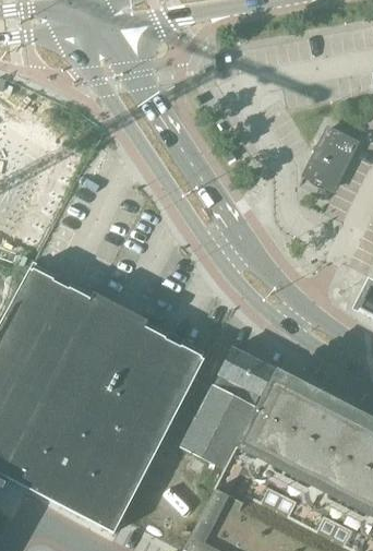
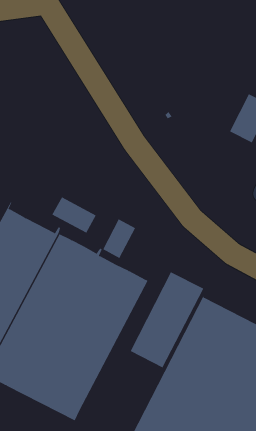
building: none -> [52,196,97,233]
building: none -> [102,219,136,259]

